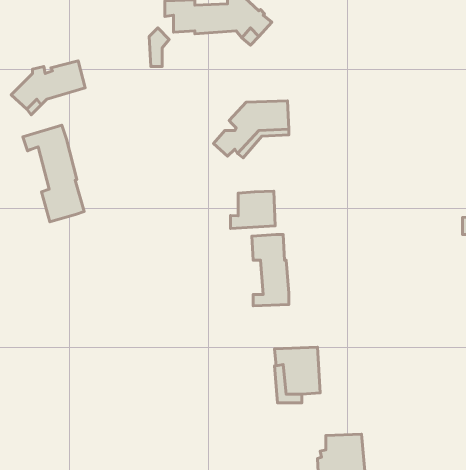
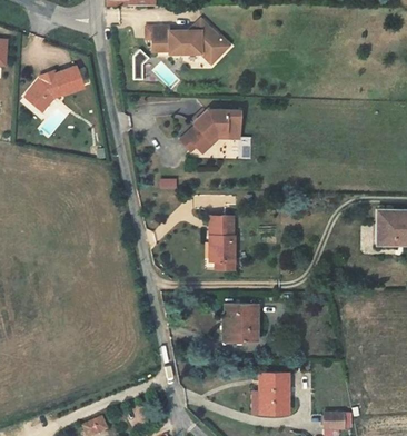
building: [23,125,84,222] -> none
building: [230,191,275,229] -> none

